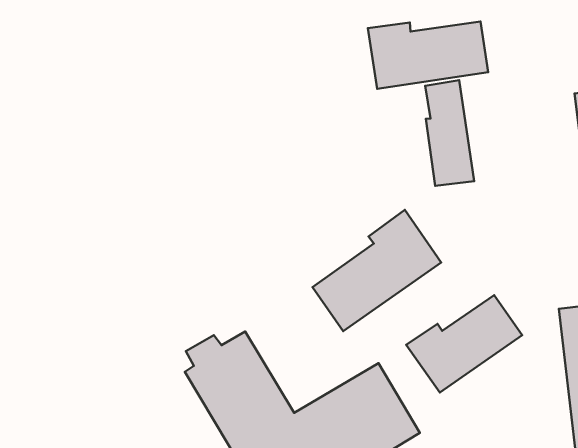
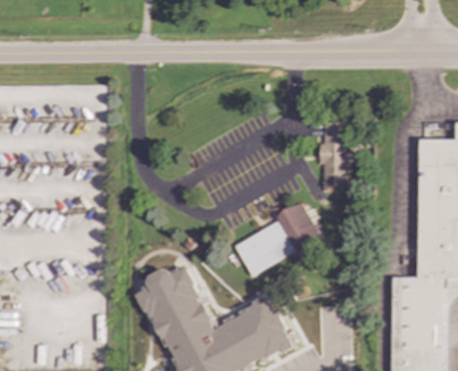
building: [368,22,488,89] -> none
building: [406,295,522,392] -> none

